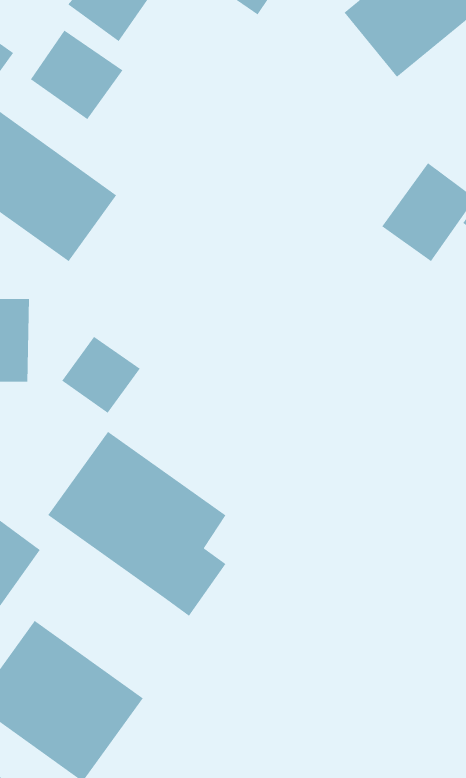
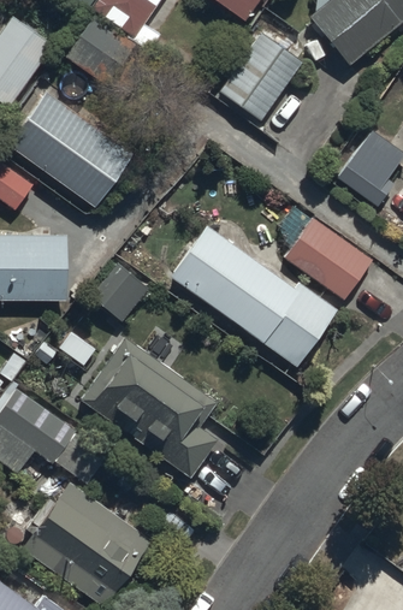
building: none -> [218,26,308,123]
building: none -> [280,214,373,300]
building: none -> [170,220,333,363]

